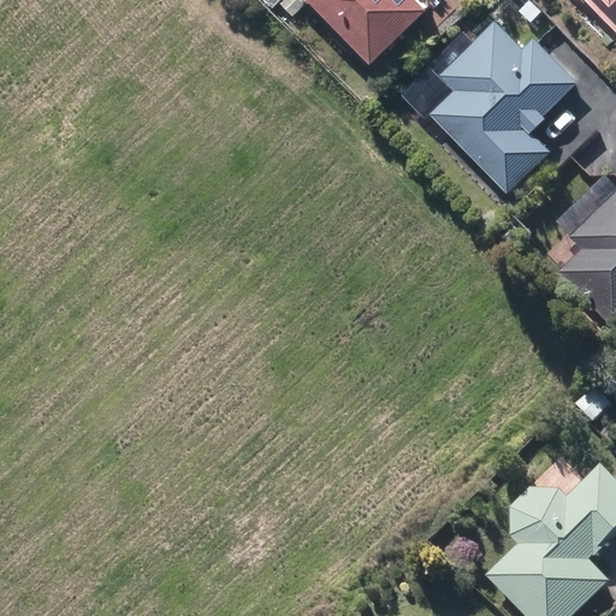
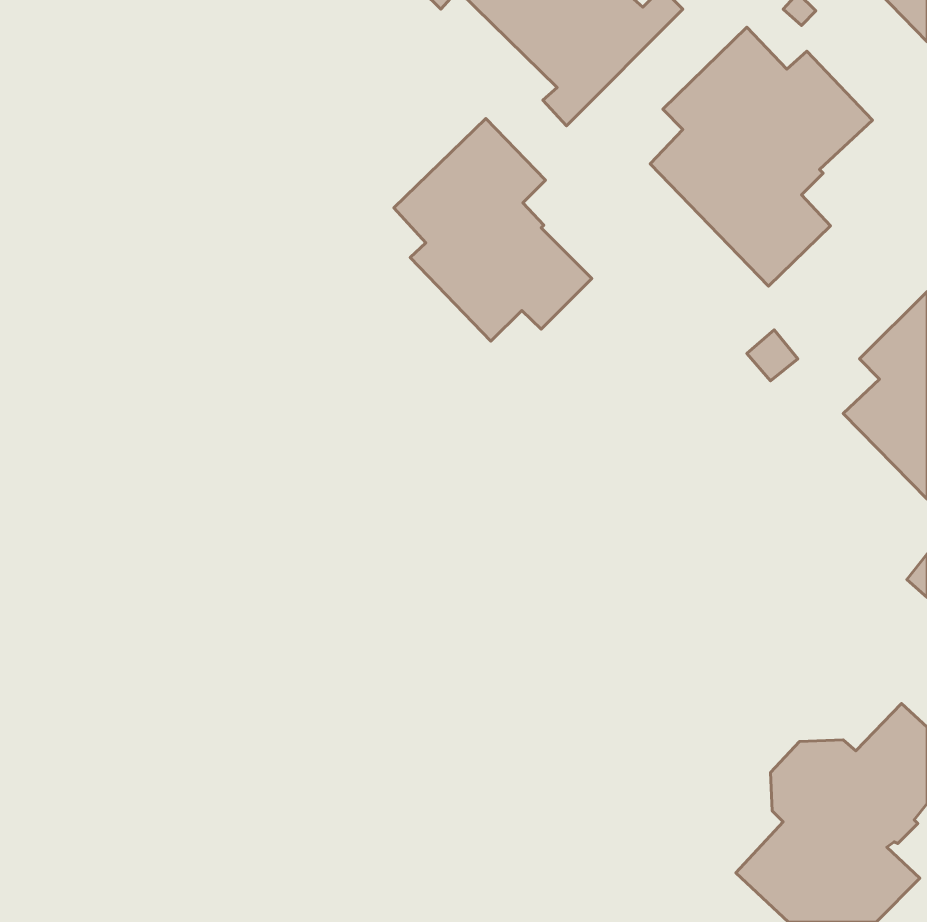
building: none -> [394,119,592,341]

